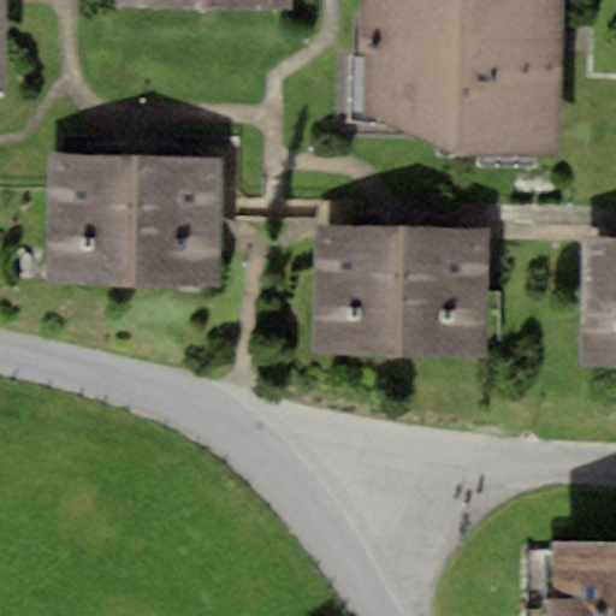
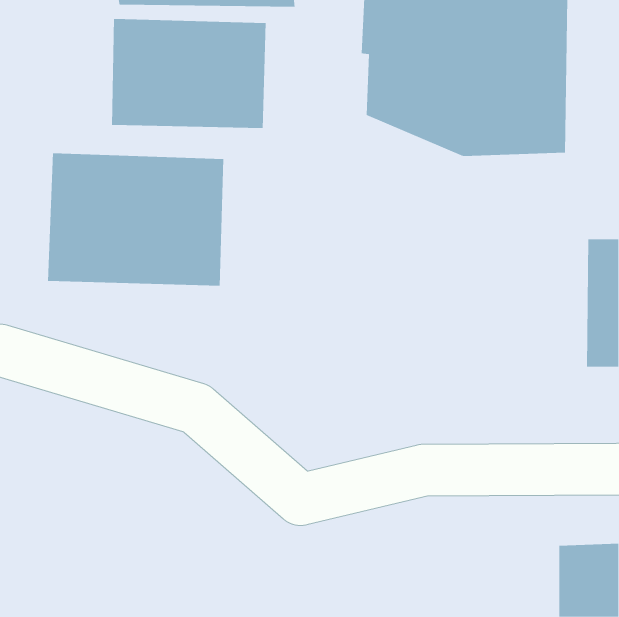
building: none -> [111,18,266,129]
building: [313,225,487,356] -> none

